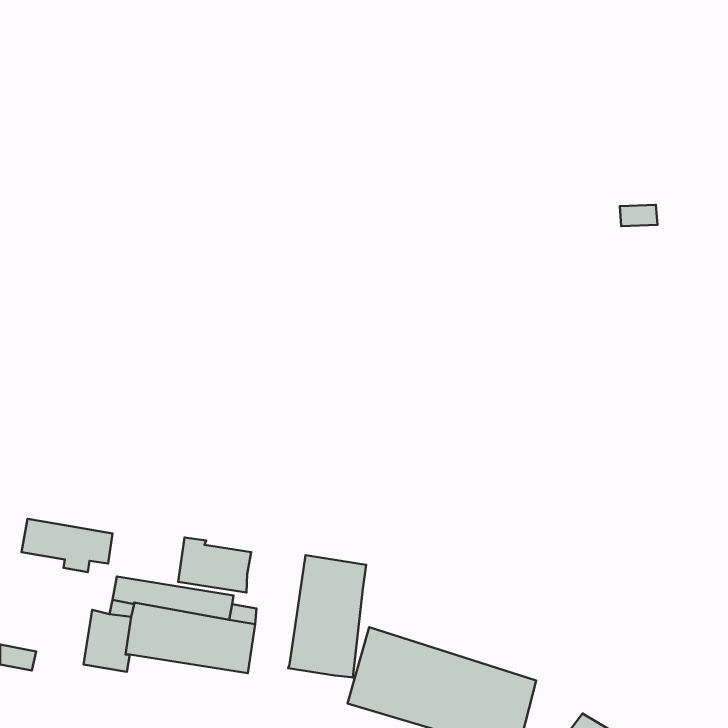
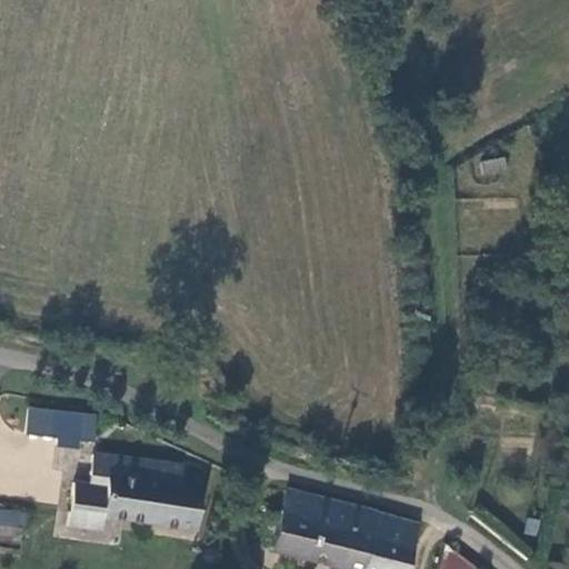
building: [178,537,251,592] -> none
building: [288,555,366,677] -> none

